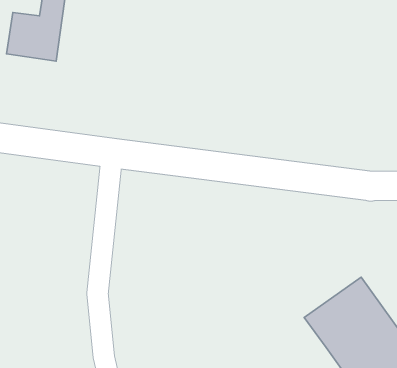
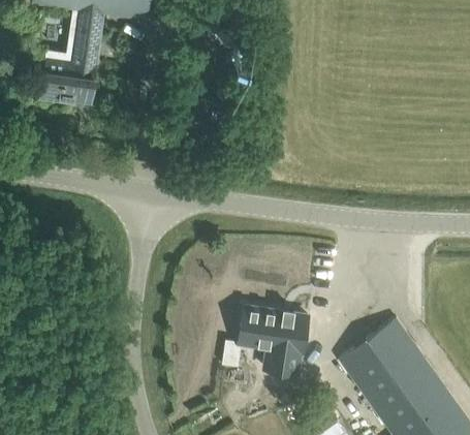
building: none -> [240,308,308,375]

